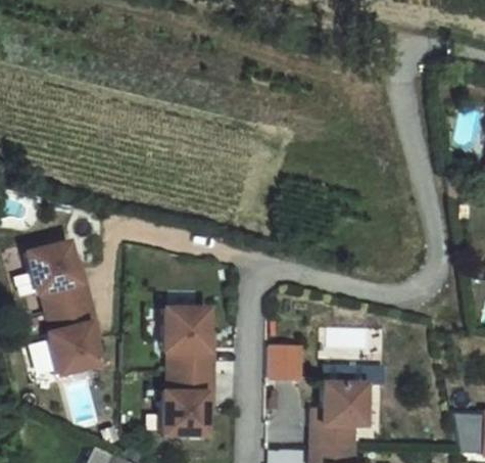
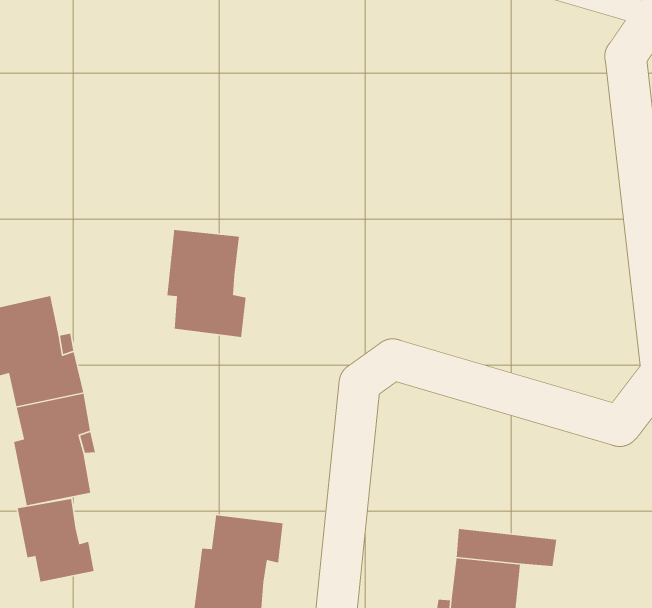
building: [168,310,219,374] -> [167,229,247,338]
building: [273,348,304,381] -> none
building: none -> [17,498,95,582]

